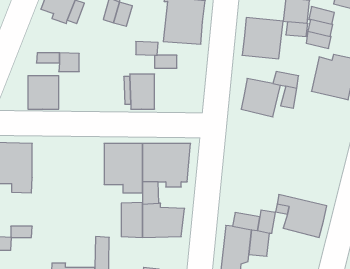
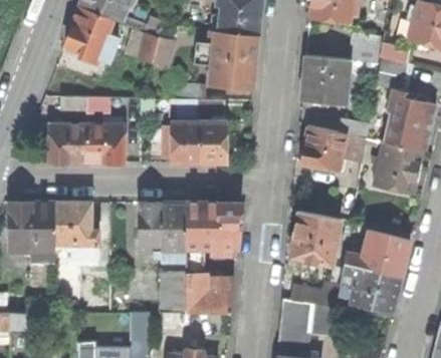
building: none -> [199,121,226,162]
building: none -> [86,123,125,162]
building: none -> [373,141,422,193]
building: none -> [55,203,97,256]
building: none -> [289,211,341,266]
building: none -> [345,230,410,276]

